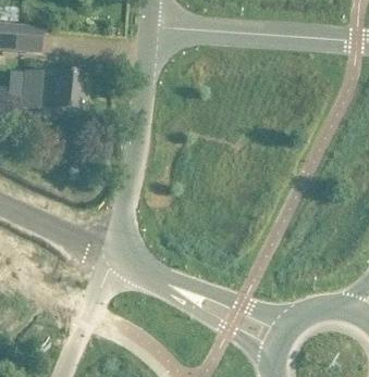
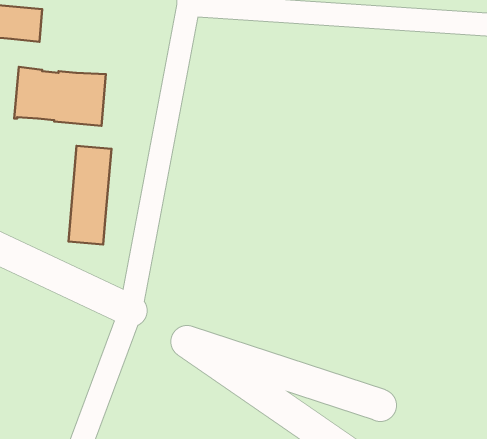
building: none -> [68,146,111,244]

